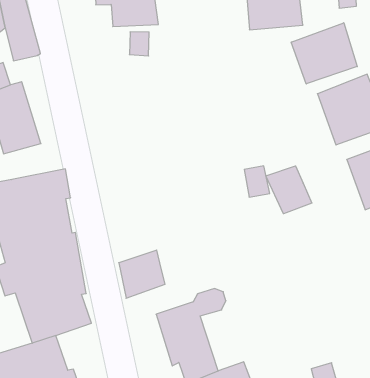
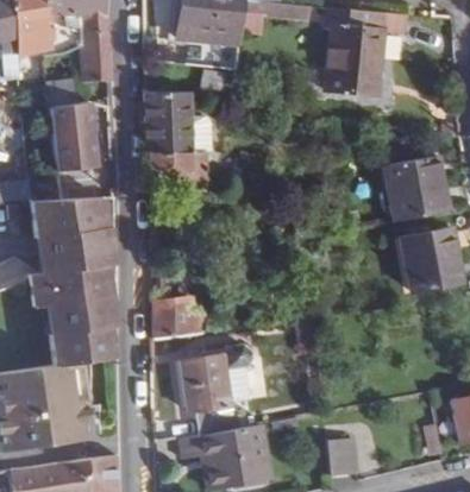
building: [291,23,357,84] -> none
building: none -> [144,90,208,181]
building: [266,166,312,214] -> none

